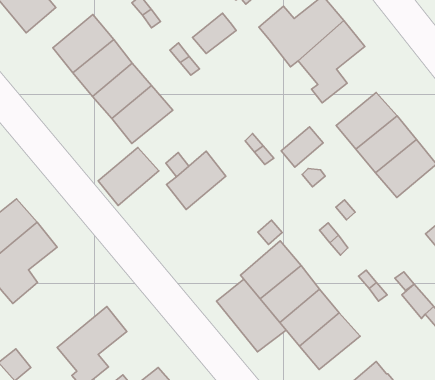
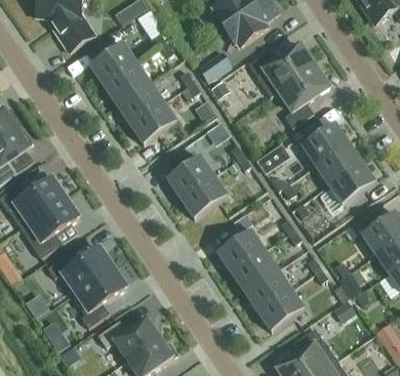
building: [98,147,159,206] -> [181,175,228,218]
building: [217,279,286,352] -> none
building: none -> [48,247,113,294]

